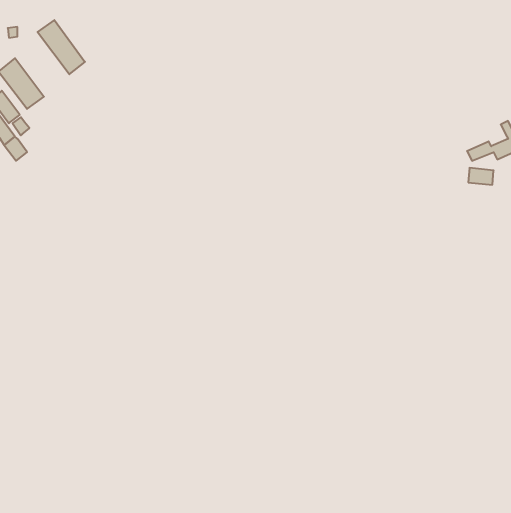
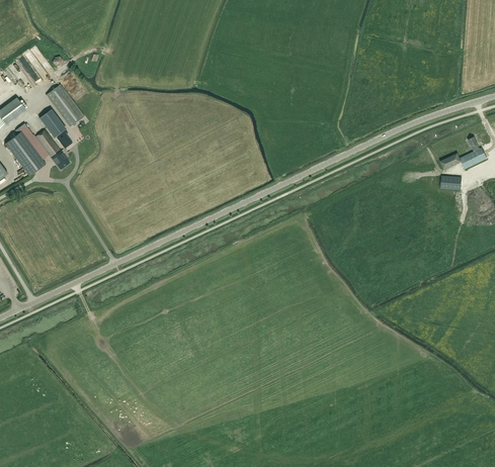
building: [38,20,85,74] -> none

